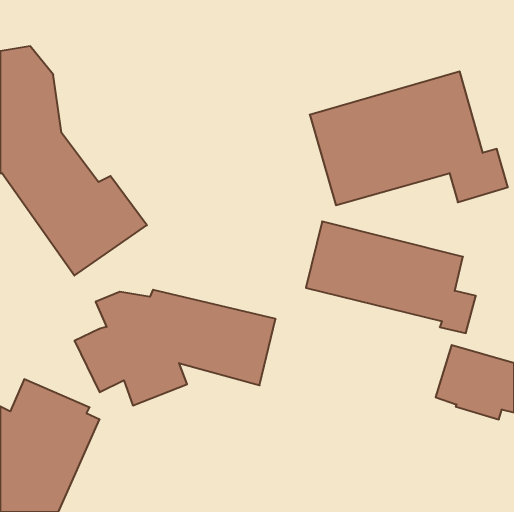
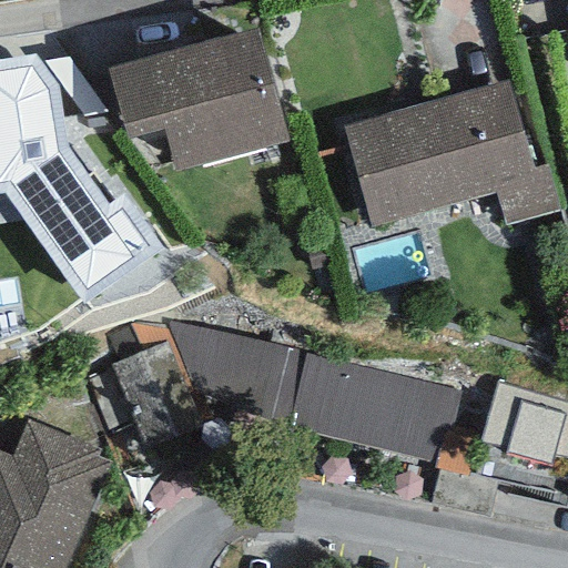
building: none -> [106,27,287,170]
building: [306,221,476,333] -> [286,352,474,475]

